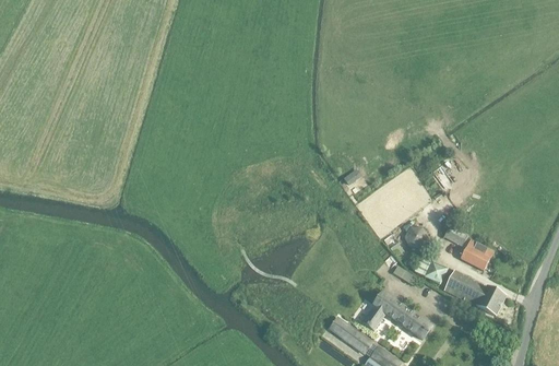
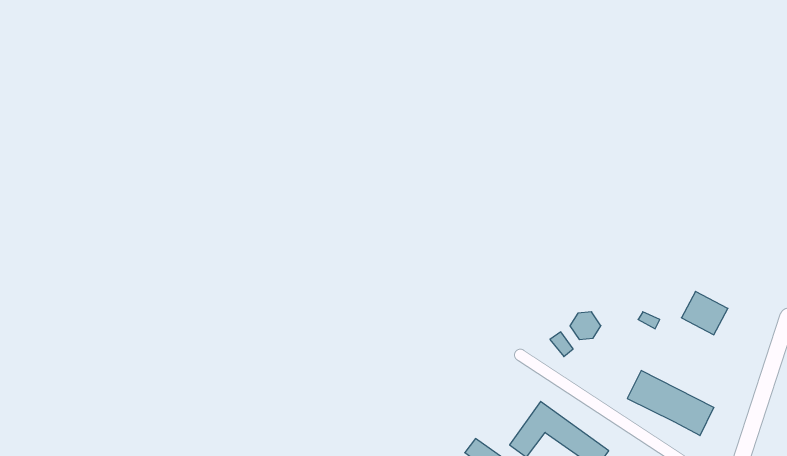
building: [461,239,493,270] -> [681,291,728,335]

